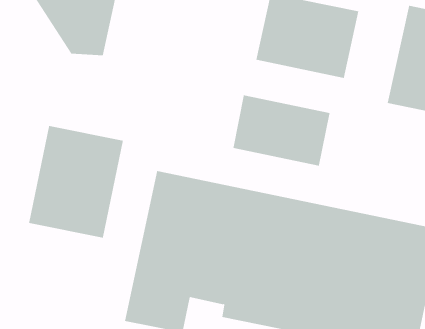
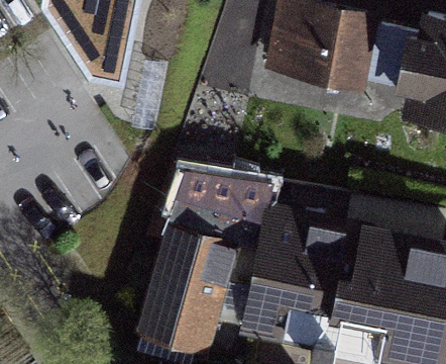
building: [233,95,330,167] -> none
building: [28,125,123,239] -> none

